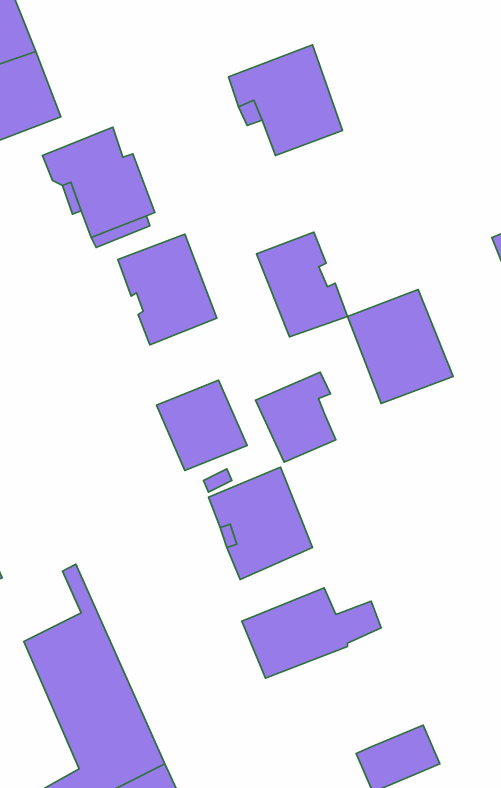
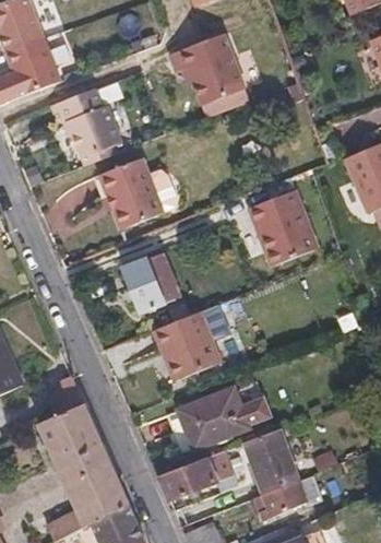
building: [256,232,348,337] -> none
building: [256,372,336,462] -> none
building: none -> [245,429,297,492]
building: none -> [158,450,239,499]

